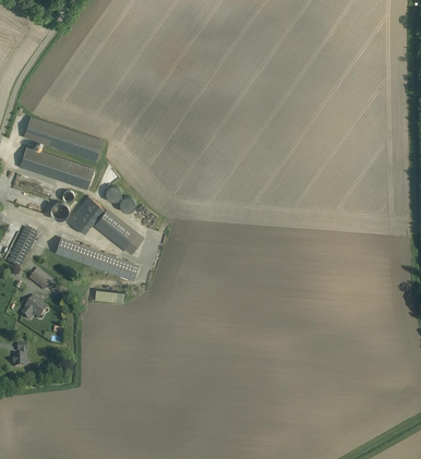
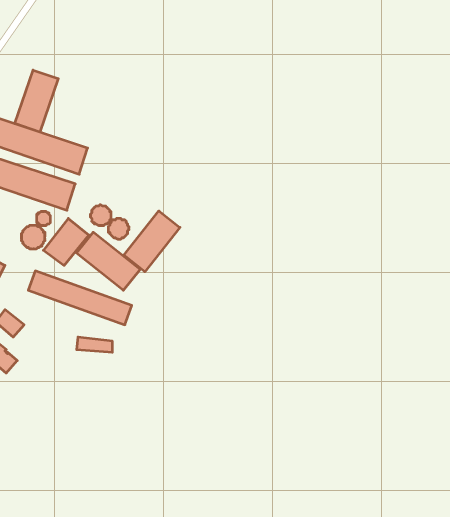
building: none -> [15,70,58,132]
building: none -> [124,211,180,272]

